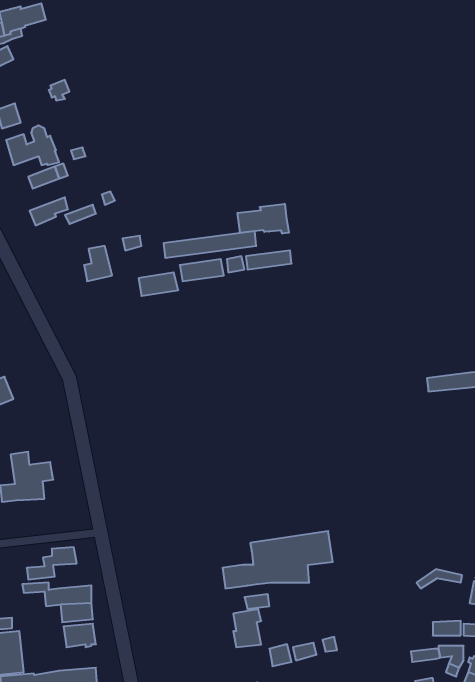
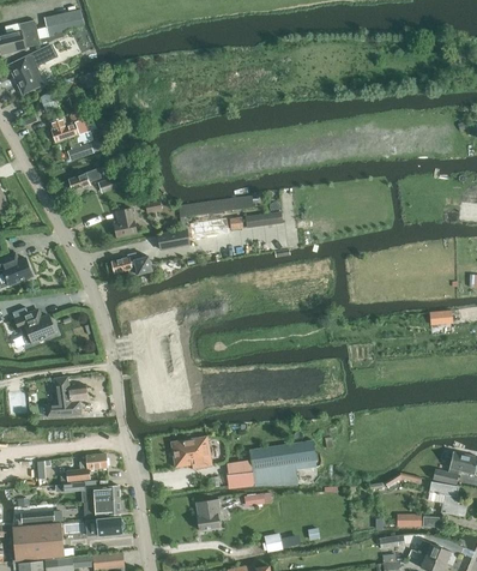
building: [238,204,289,234] -> none
building: none -> [111,252,152,274]
building: none -> [170,435,211,468]
building: [233,609,261,647] -> [197,498,219,529]

